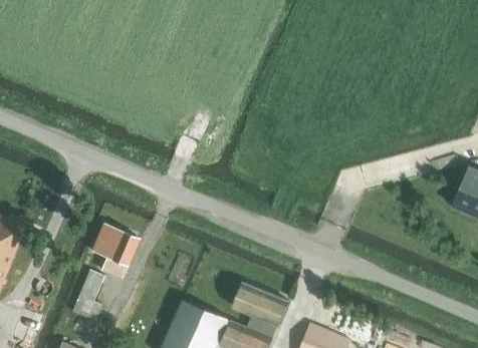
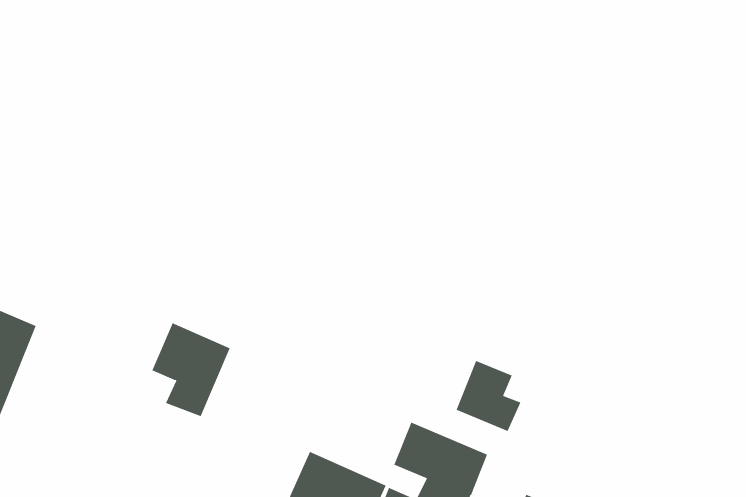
building: none -> [456,360,521,432]
building: [71,270,104,321] -> none

